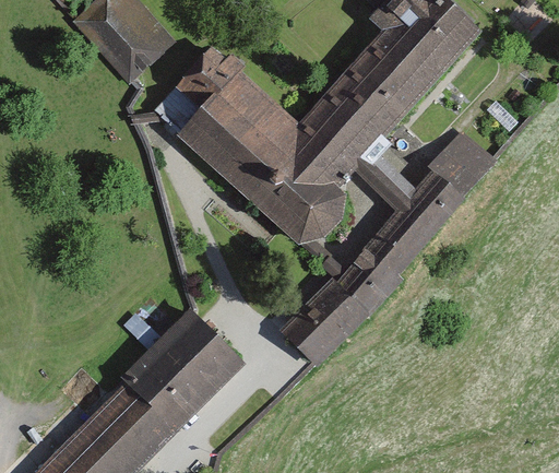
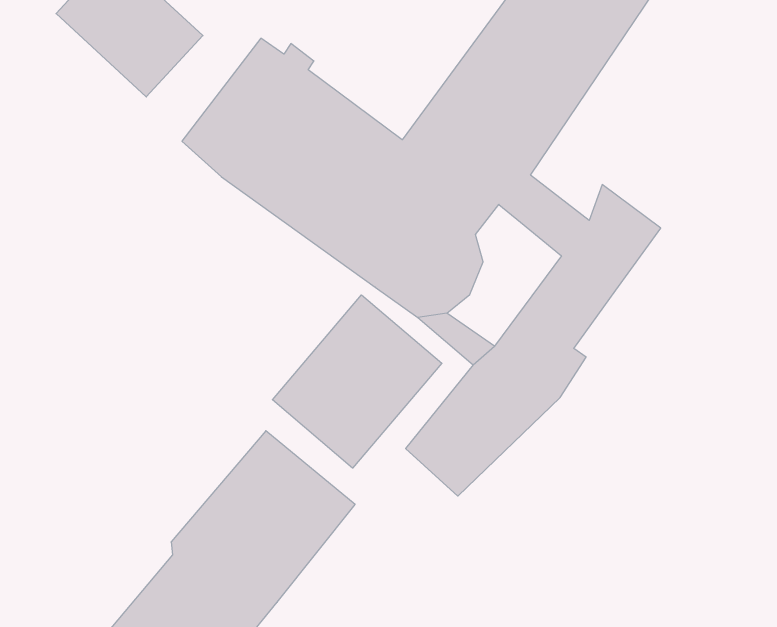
building: [428,130,495,199] -> none
building: none -> [272,295,442,468]

